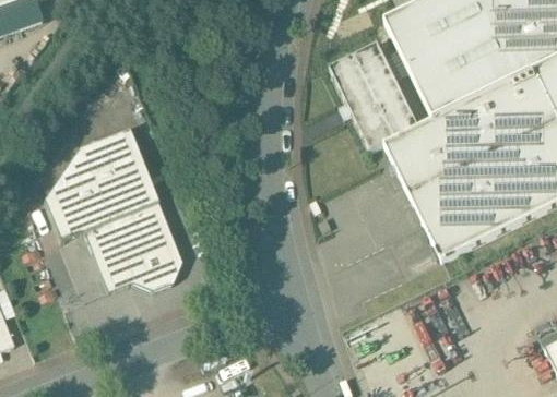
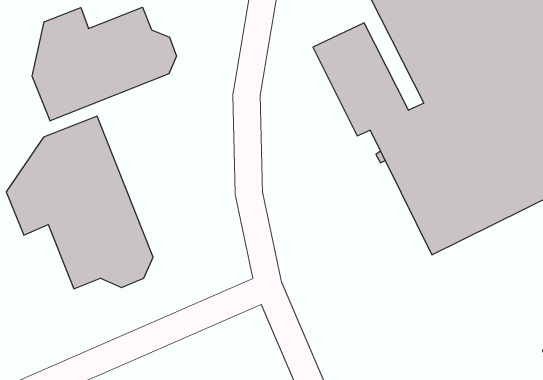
building: none -> [32,7,176,121]

